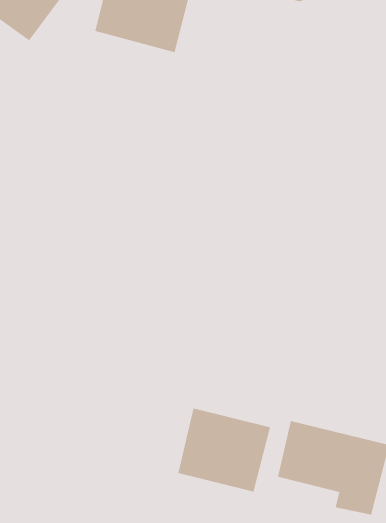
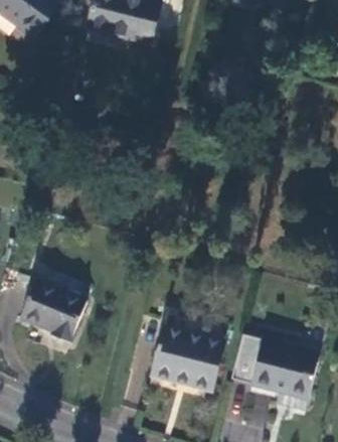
building: none -> [19,280,88,343]

